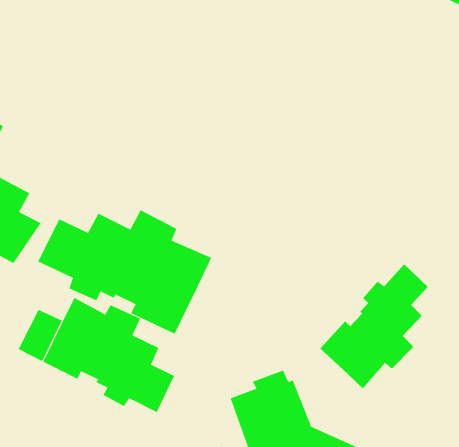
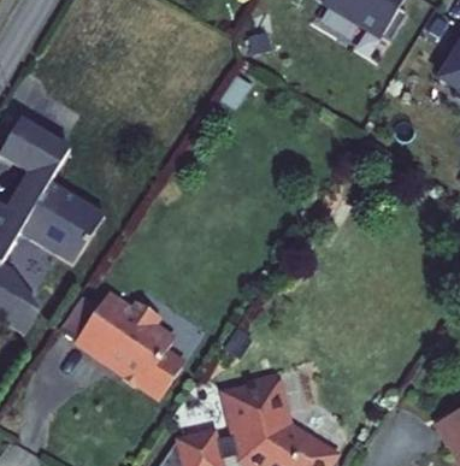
building: [38,209,212,334] -> none
building: [320,264,429,389] -> none

